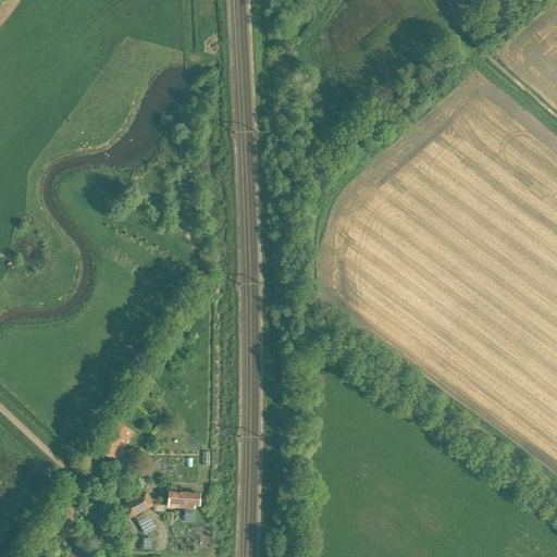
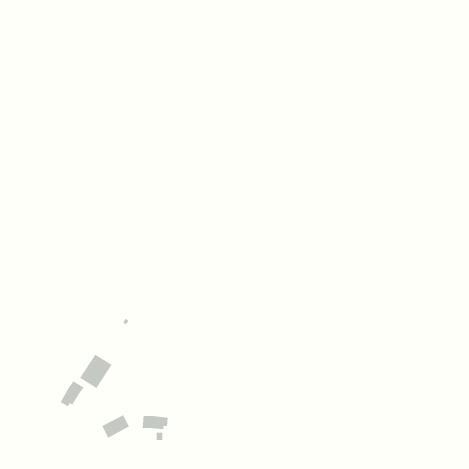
building: none -> [60,381,84,407]

